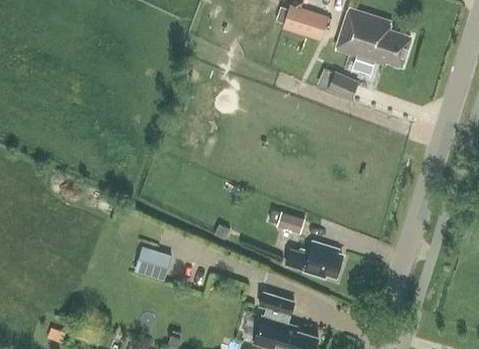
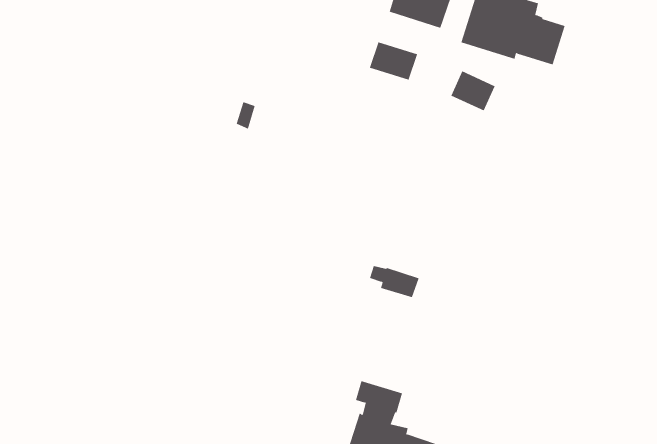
building: none -> [369,41,418,81]
building: [285,242,341,278] -> none
building: [141,247,171,280] -> none

